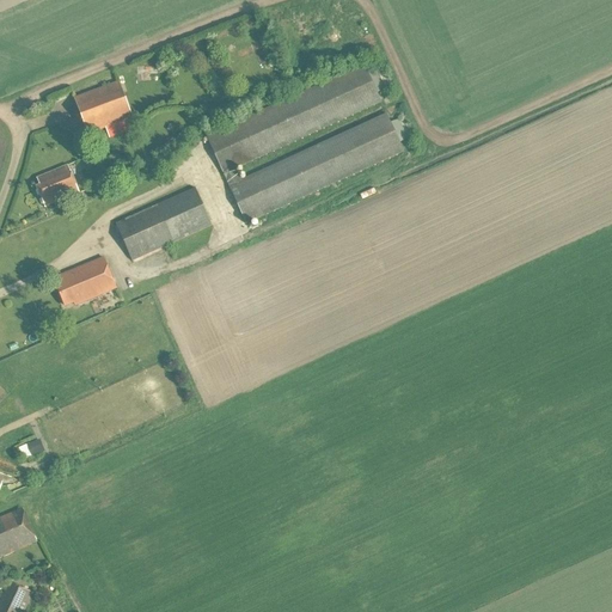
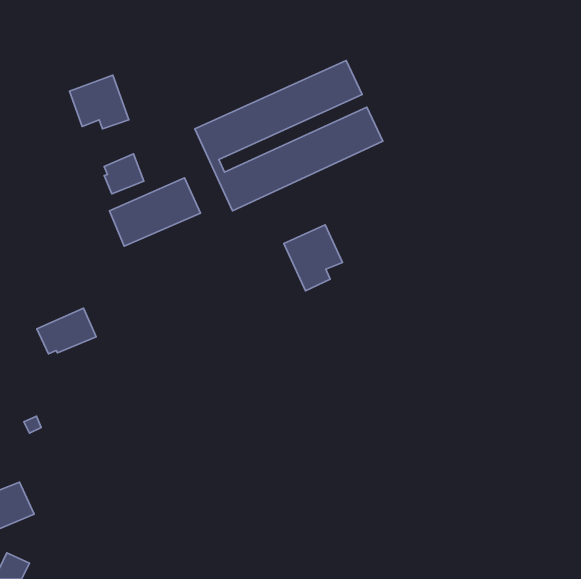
building: [36,163,78,204] -> [104,154,144,194]
building: none -> [284,225,343,291]
building: [53,256,115,304] -> [37,308,96,354]

